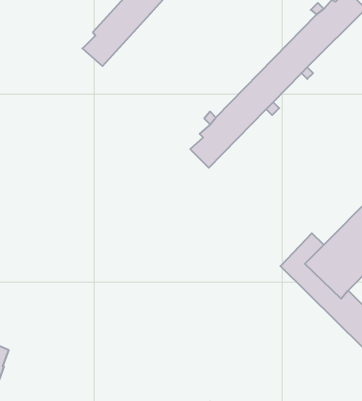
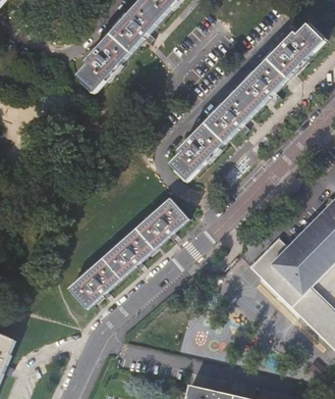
building: none -> [69,198,187,307]

